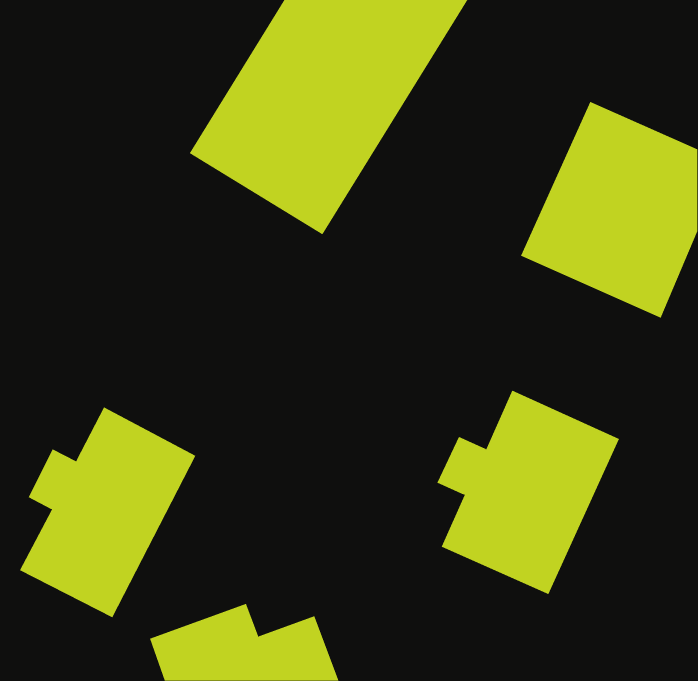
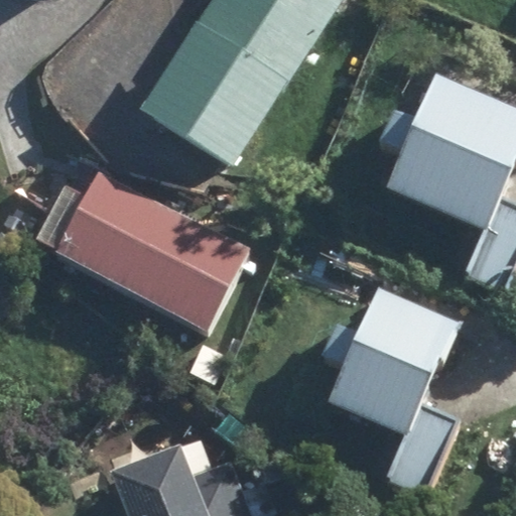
building: none -> [57,168,252,330]
building: [19,407,196,618] -> none

